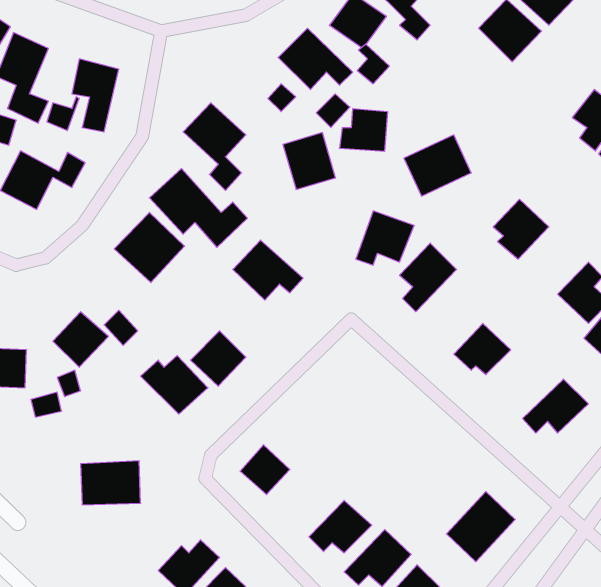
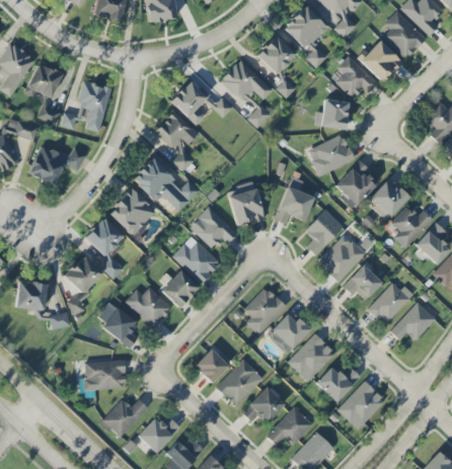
building: none -> [330,57,378,98]
building: none -> [171,81,208,125]
building: [339,109,388,151] -> [315,99,349,129]
building: [283,133,336,190] -> [229,187,266,227]
building: none -> [334,160,378,210]
building: none -> [391,207,433,248]
building: none -> [84,217,124,256]
building: none -> [318,234,366,283]
building: none -> [172,236,221,284]
building: none -> [368,282,413,325]
building: none -> [243,287,286,335]
building: none -> [95,303,138,346]
building: none -> [268,314,311,354]
building: none -> [288,333,335,382]
building: none -> [216,359,265,407]
building: none -> [315,367,361,402]
building: none -> [102,398,148,438]

